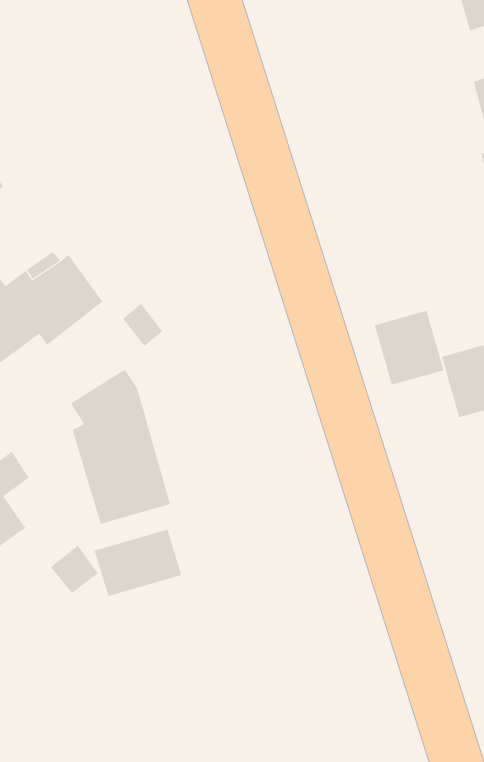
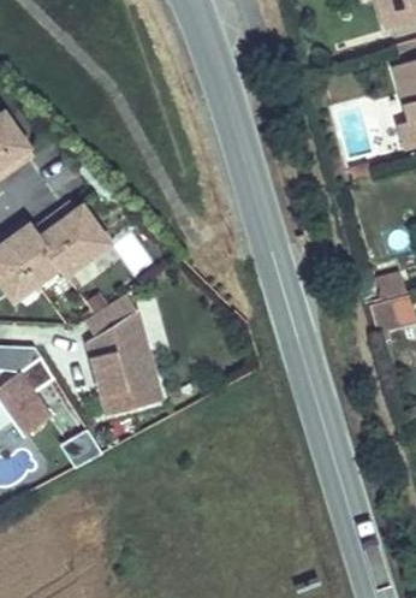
building: [374,310,444,386] -> none
building: [94,529,182,597] -> none

